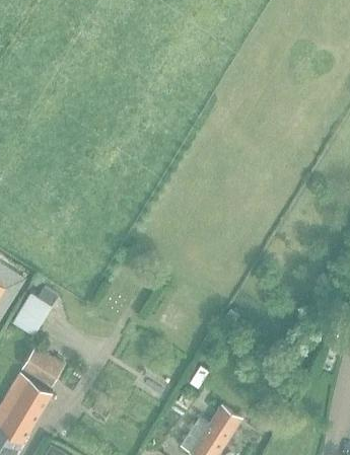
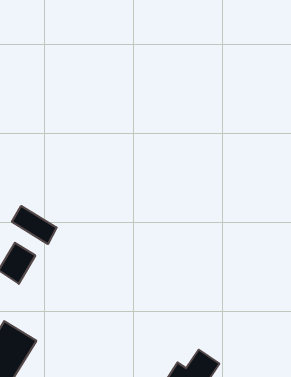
building: none -> [12,206,57,244]
building: [23,348,61,384] -> none

